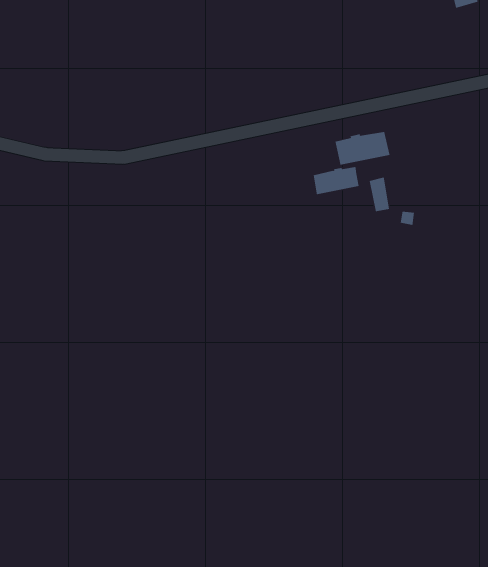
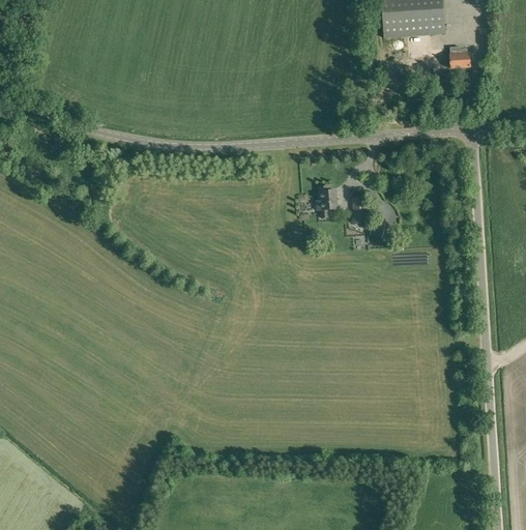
building: [335,131,390,165] -> none

